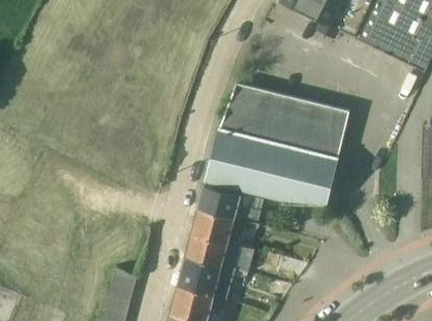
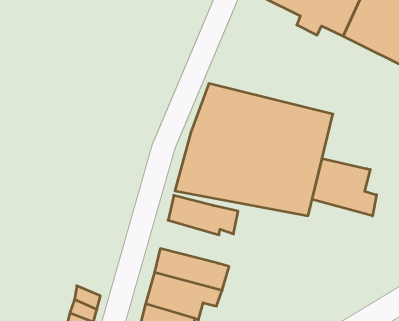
building: none -> [312,158,377,216]
building: [190,208,256,248] -> none

